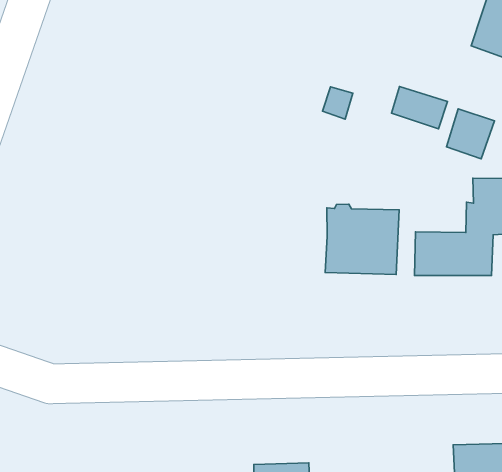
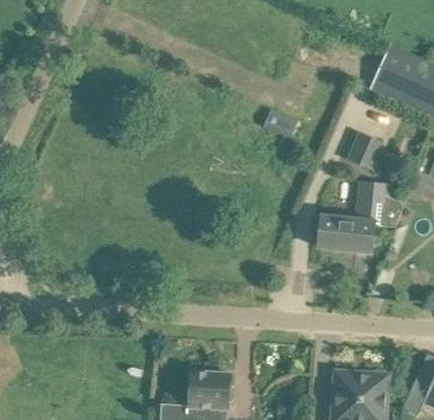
building: [392,86,447,129] -> none
building: [325,204,399,274] -> none

